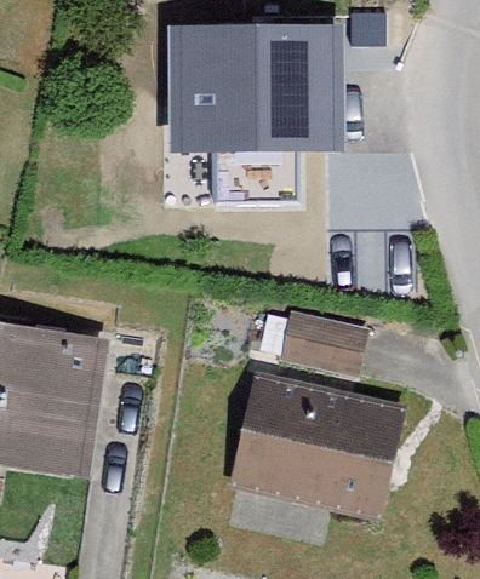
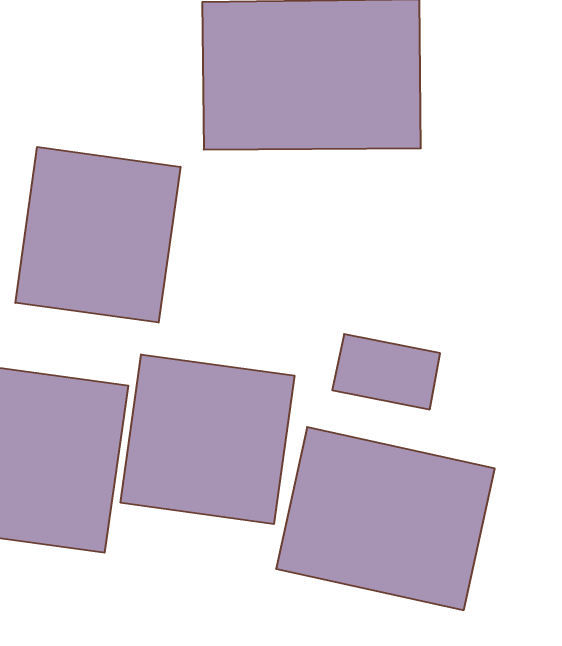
building: none -> [15,147,180,323]
building: none -> [121,354,294,524]

